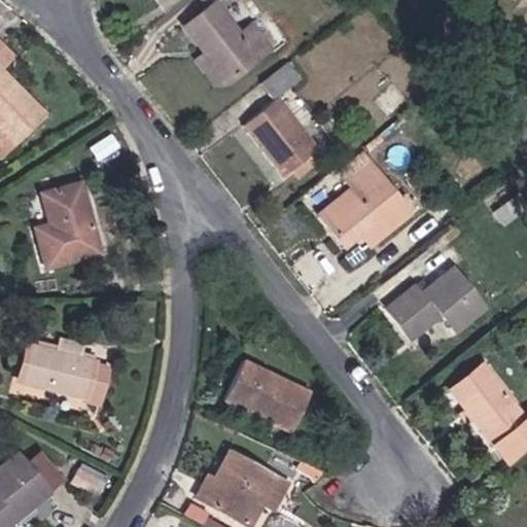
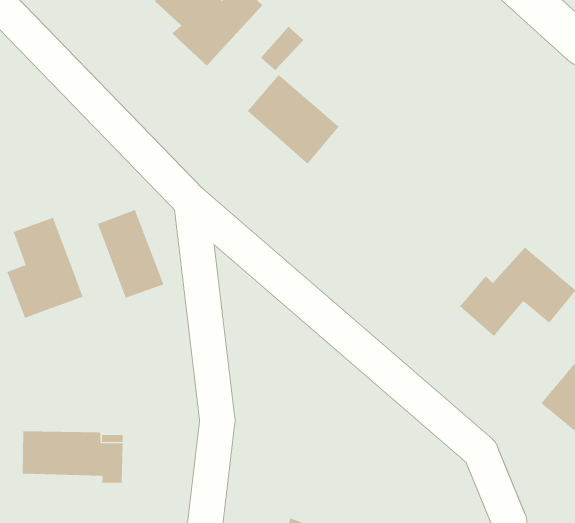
building: [317,160,413,246] -> none
building: none -> [97,209,164,298]
building: [226,361,306,427] -> none

